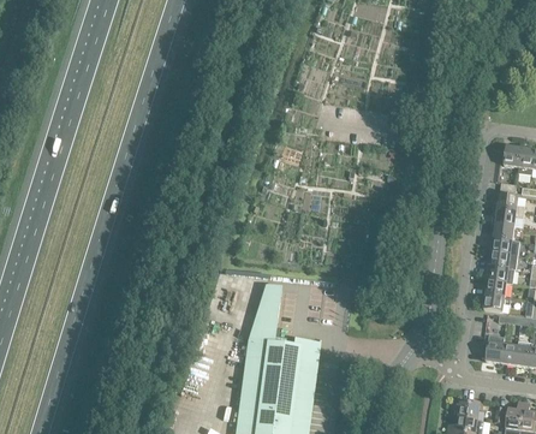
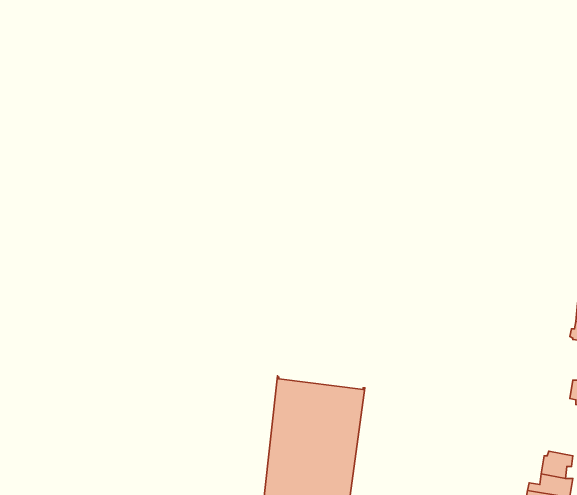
building: [250,285,279,334] -> none

